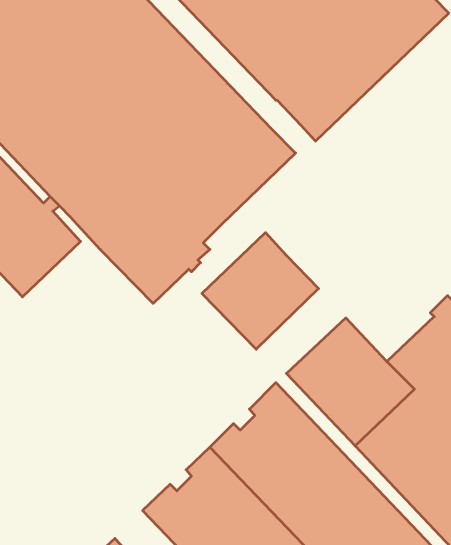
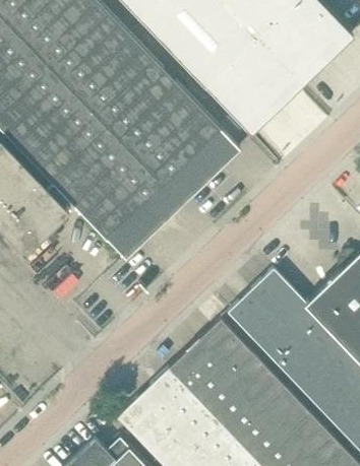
building: [202,233,319,349] -> none

